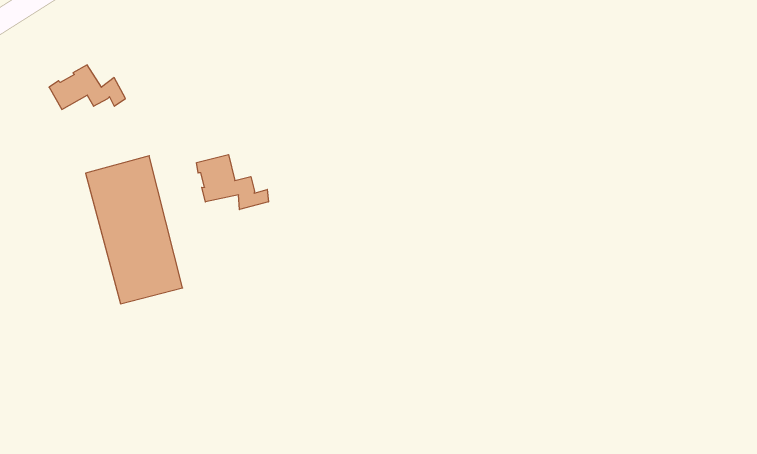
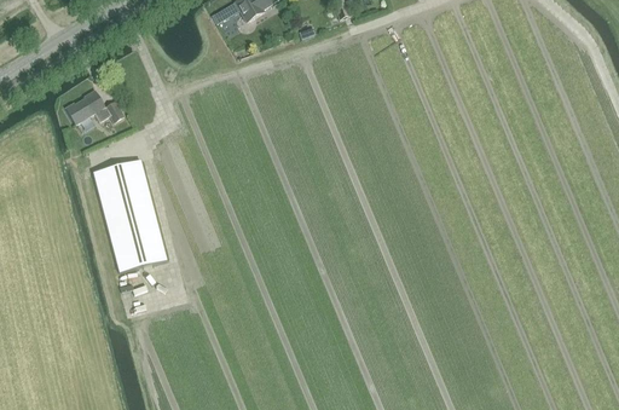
building: [197,155,268,210] -> none

